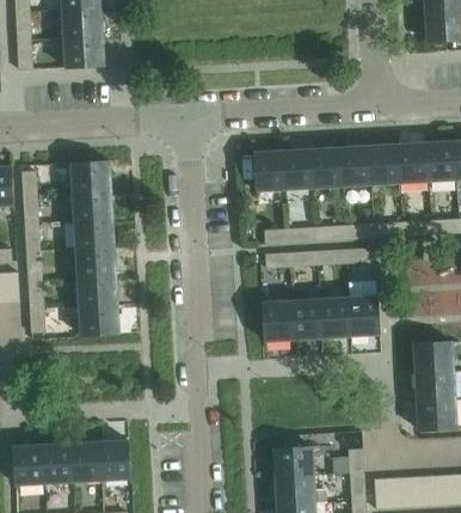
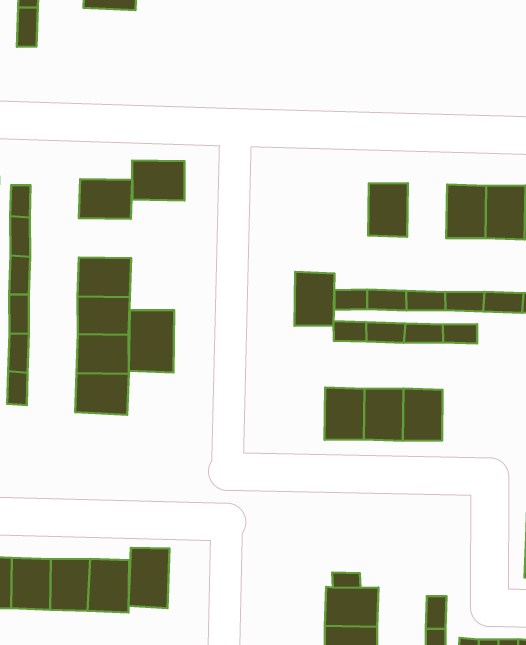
building: [63,38,103,69] -> none
building: [311,148,342,189] -> none
building: [253,152,284,193] -> [294,272,334,326]
building: [72,191,112,222] -> [132,160,185,200]
building: none -> [129,310,174,372]
building: [348,297,379,336] -> none
building: none -> [128,548,170,608]

